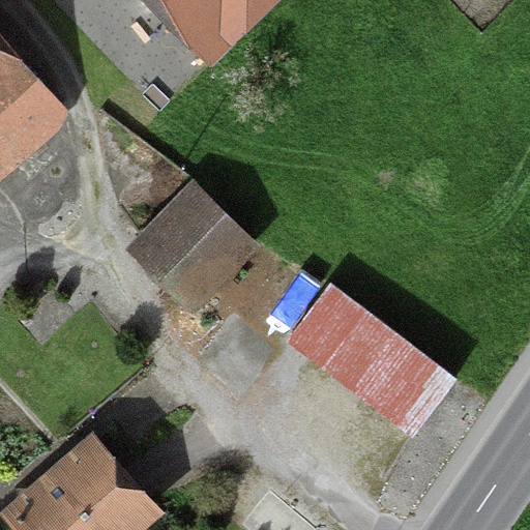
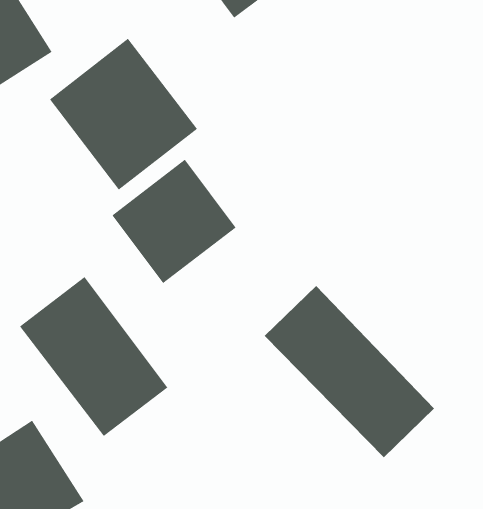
building: none -> [49,38,198,191]
building: none -> [19,276,168,437]

